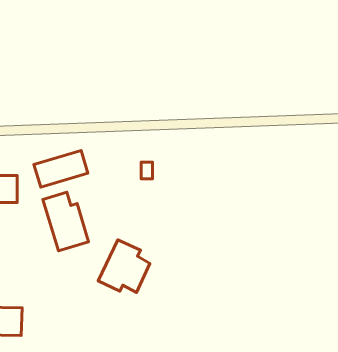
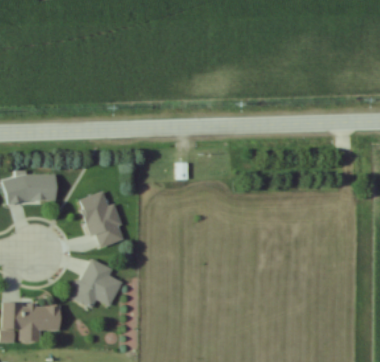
building: [34,150,88,187] -> none
building: [98,240,150,292] -> [71,259,121,310]

